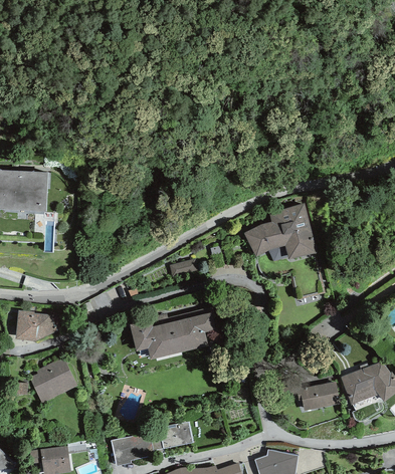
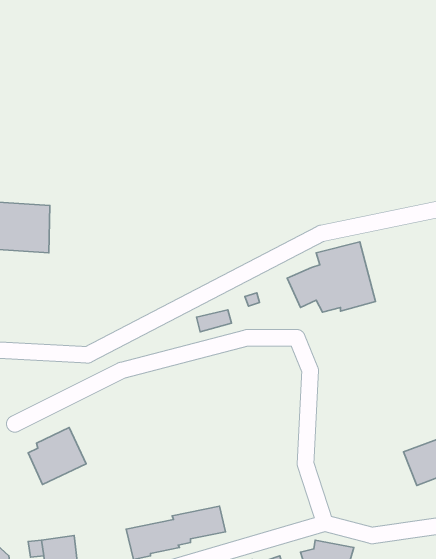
building: [129,306,217,360] -> none
building: [15,310,60,341] -> none
building: [276,379,340,411] -> none

